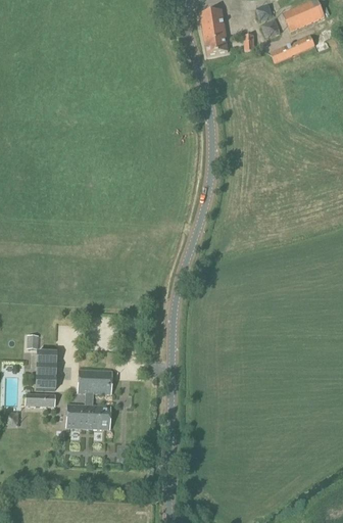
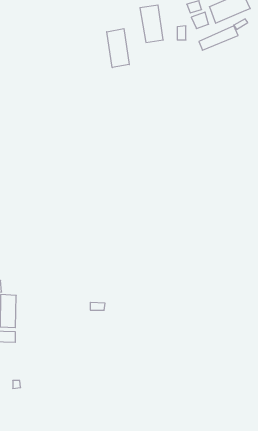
building: none -> [107,29,129,68]
building: [66,371,112,429] -> none

